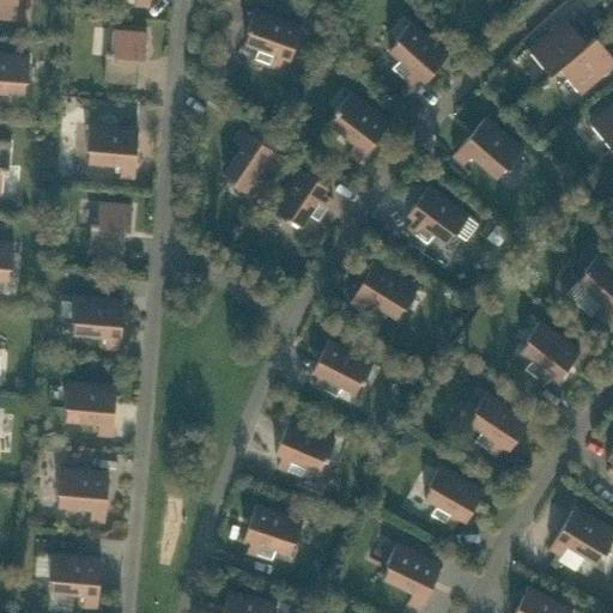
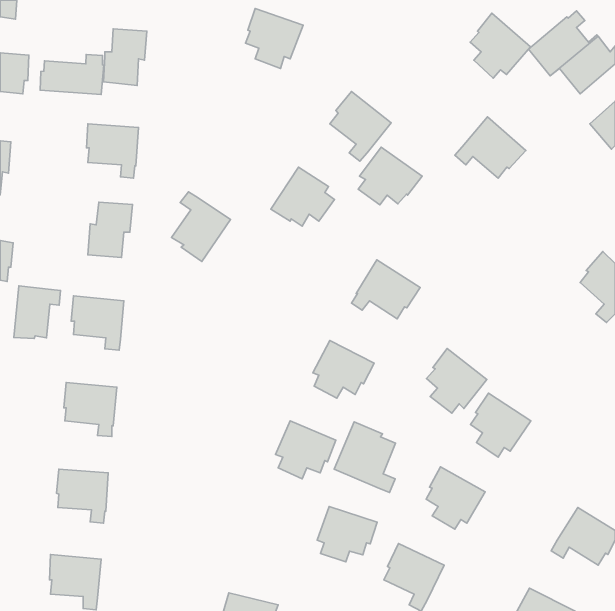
building: [388,24,448,89] -> [470,13,530,78]
building: none -> [40,55,104,94]
building: [223,132,281,201] -> [172,192,231,262]
building: [405,189,468,247] -> [358,147,422,205]
building: none -> [14,286,60,339]
building: [520,323,579,388] -> [427,348,487,413]
building: none -> [334,422,395,492]
building: [243,508,303,563] -> [317,507,377,562]

